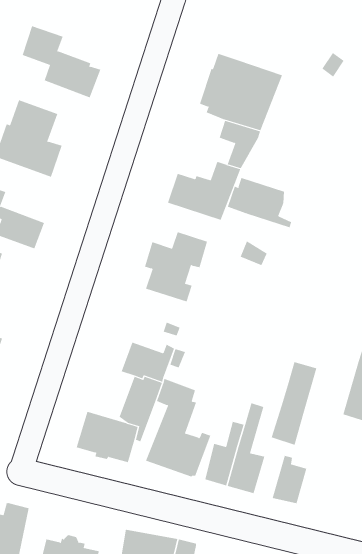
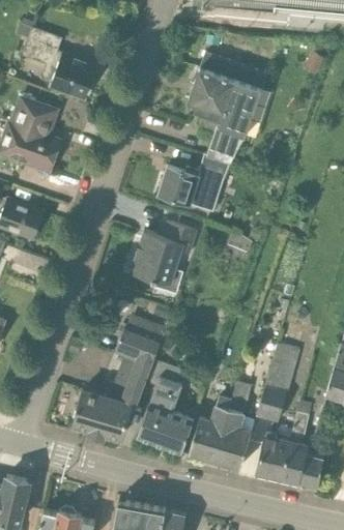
building: [227,177,292,228] -> none
building: none -> [281,403,321,487]

